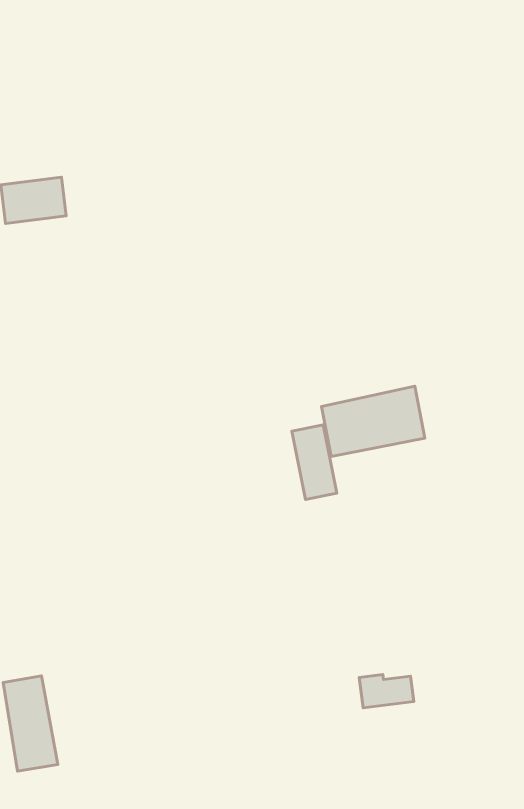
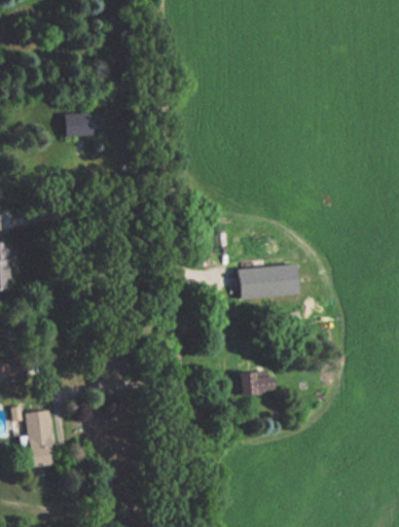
building: [292,425,337,499] -> none
building: [359,675,414,708] -> [241,374,271,392]

